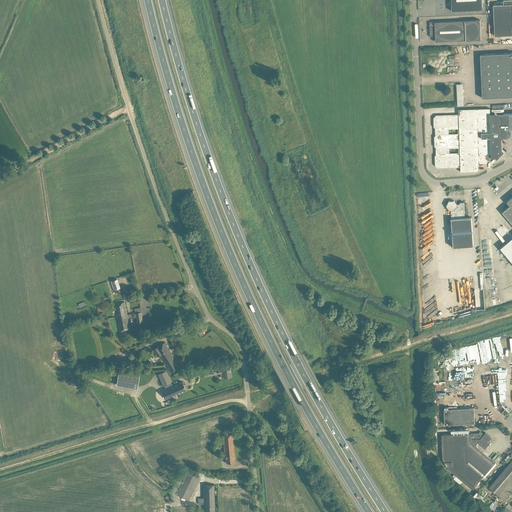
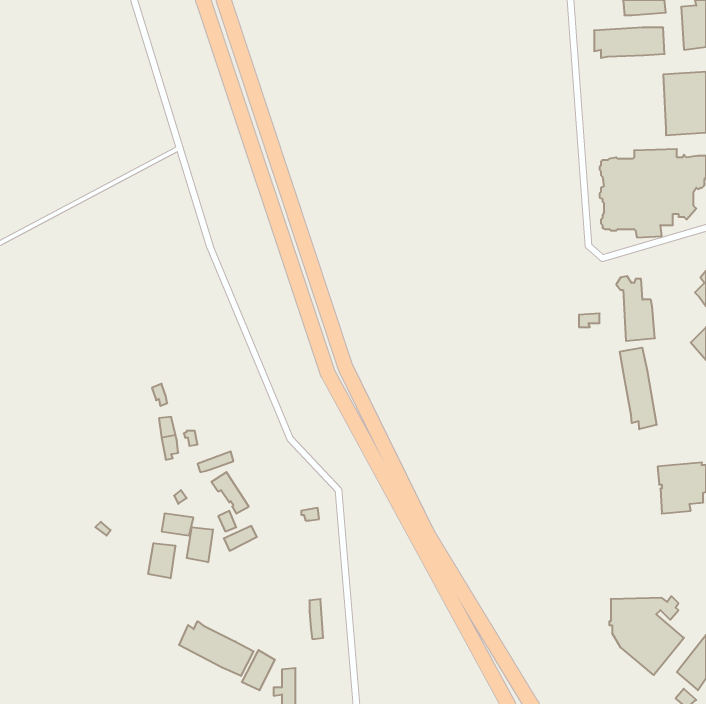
building: none -> [620,348,657,429]
building: none -> [187,527,213,562]
building: none -> [148,543,175,578]
building: [444,409,475,425] -> none
building: none -> [179,621,254,676]

